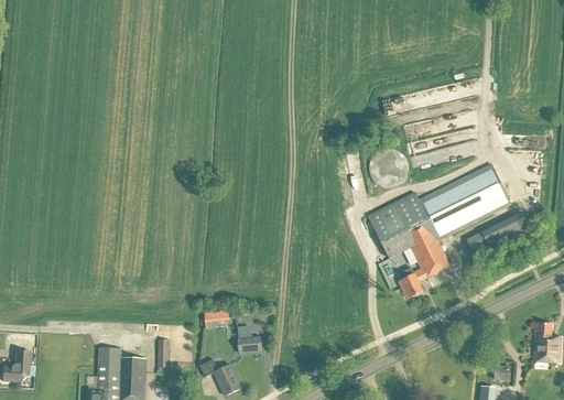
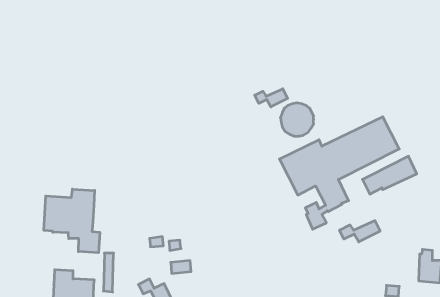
building: none -> [255,89,288,107]
building: none -> [44,189,100,253]
building: none -> [340,221,380,242]

